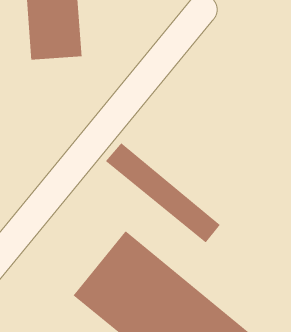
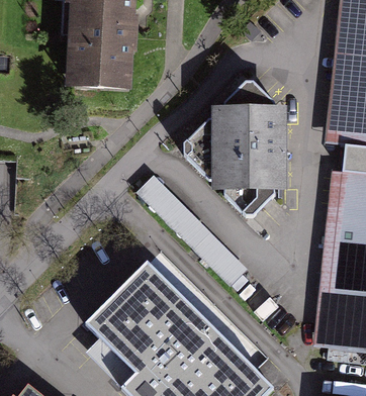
building: none -> [177,79,273,216]

